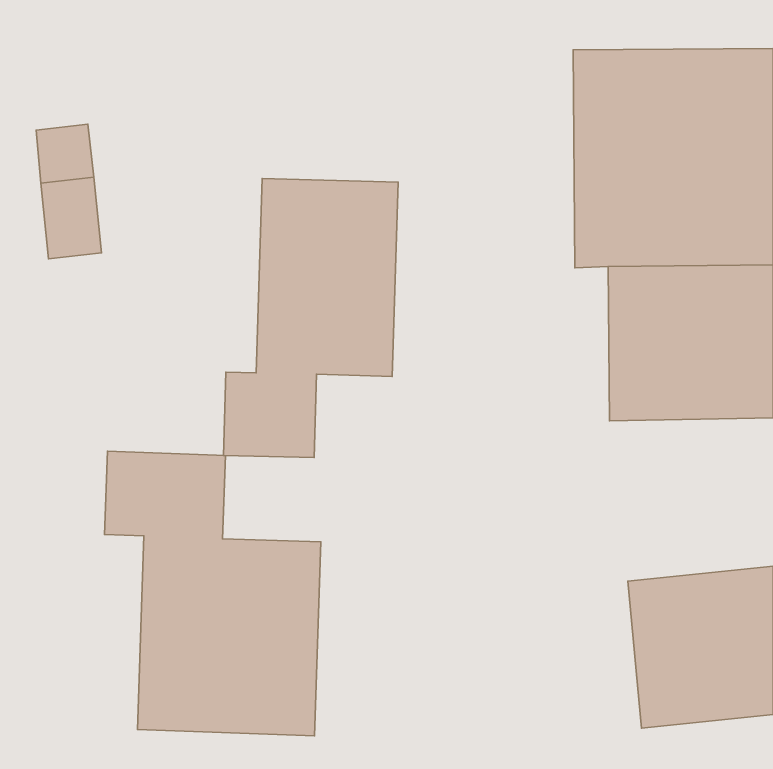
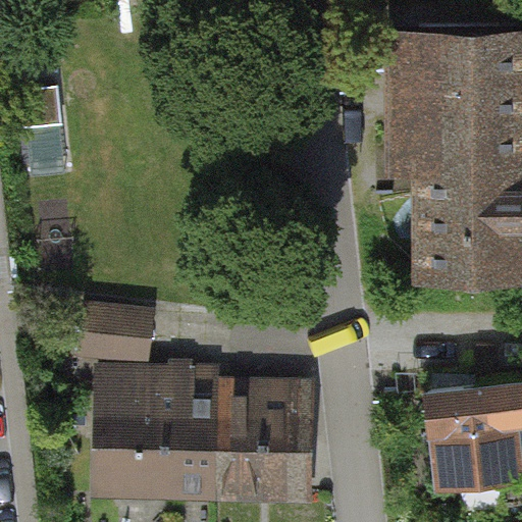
building: [224,178,398,458] -> none
building: none -> [212,368,315,502]

